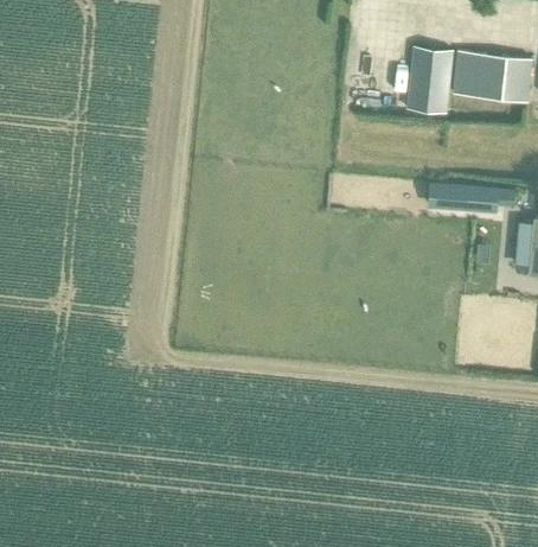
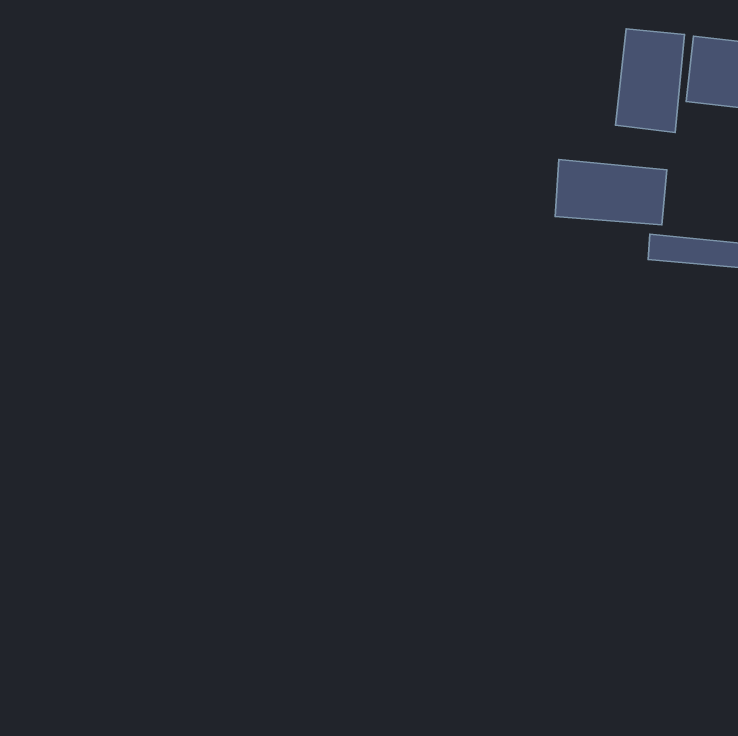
building: none -> [555,160,667,225]

